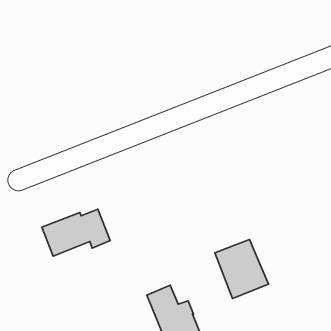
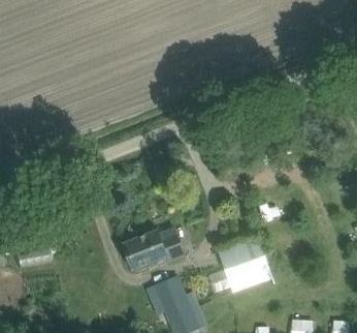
building: [42,209,110,256] -> [122,226,185,270]

